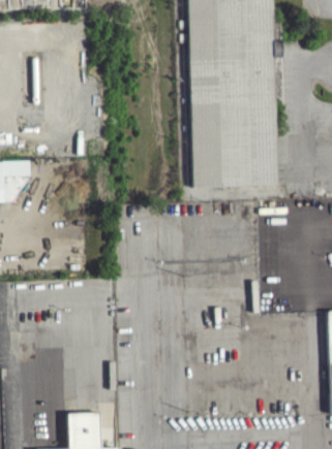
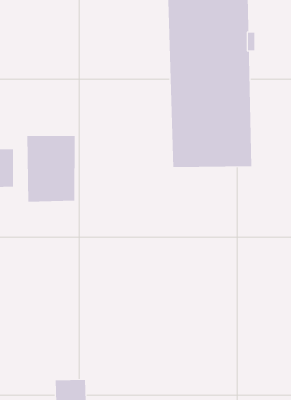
building: none -> [27,135,75,202]

